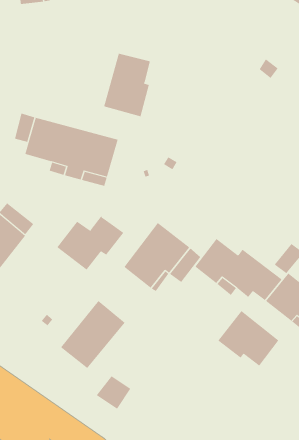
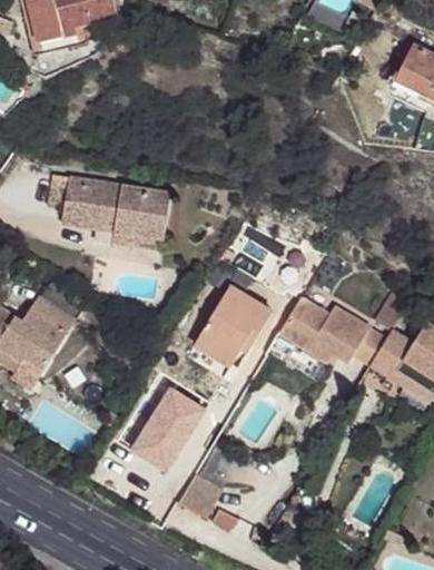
building: [103,53,150,117] -> none
building: [57,216,124,271] -> none
building: [217,310,279,367] -> none

